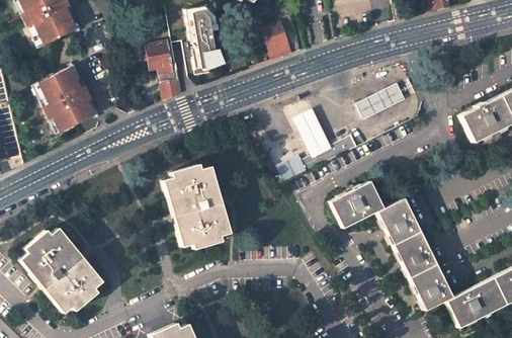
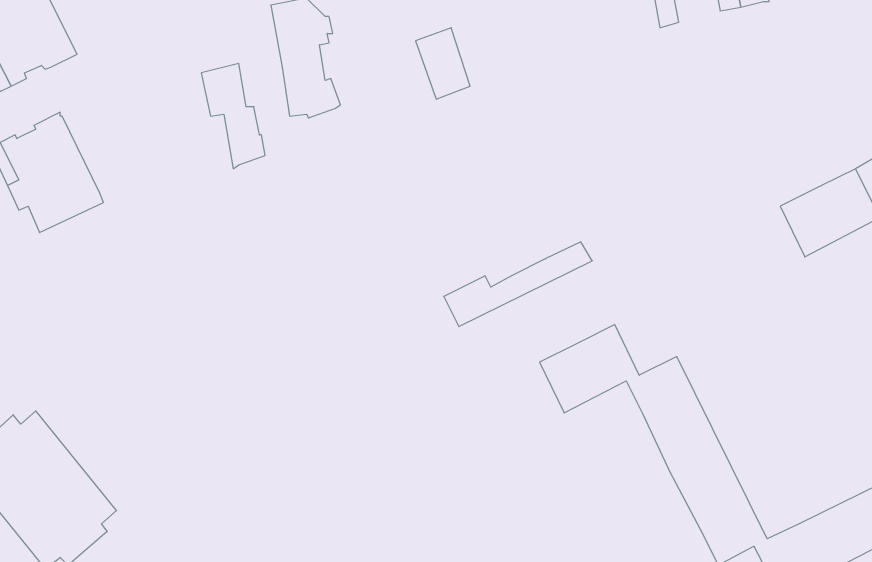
building: [358,82,407,117] -> none
building: [295,107,334,155] -> none
building: [164,164,231,249] -> none

